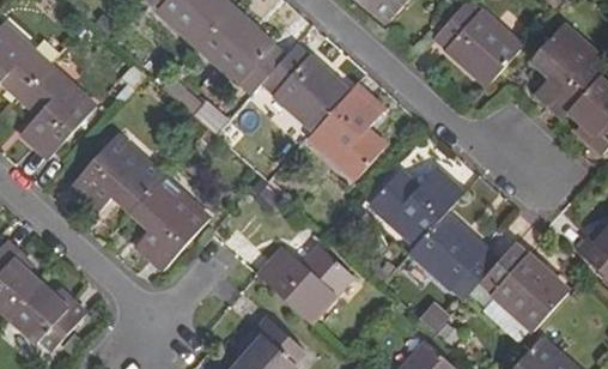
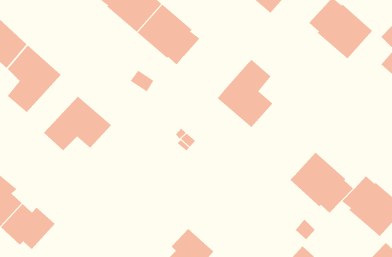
building: [263,46,351,131] -> none
building: [370,168,463,246] -> none
building: [134,176,209,271] -> none
building: [259,247,353,322] -> none

